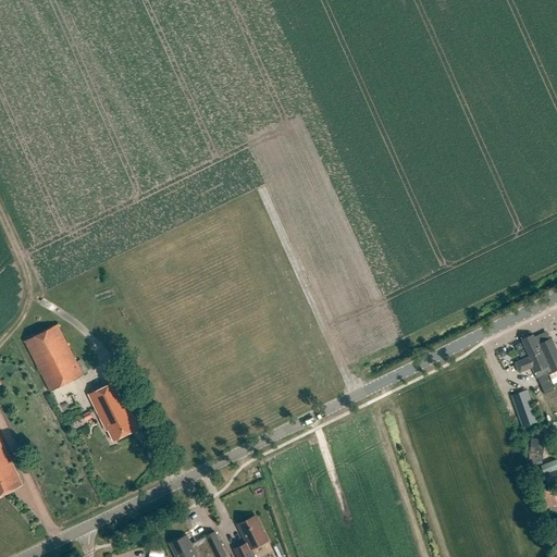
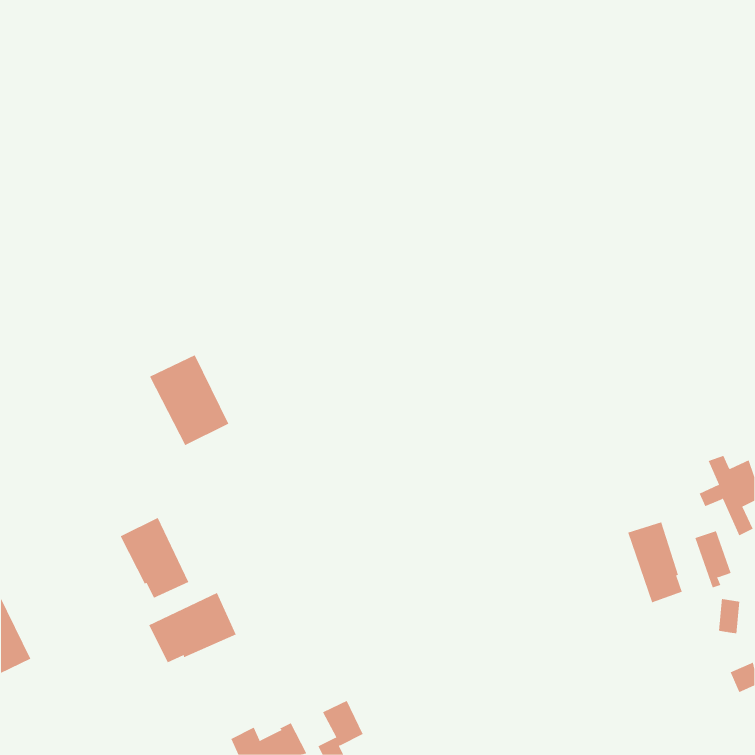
building: [24,324,83,392] -> [149,354,229,446]
building: none -> [627,521,682,603]
building: none -> [149,592,237,663]

